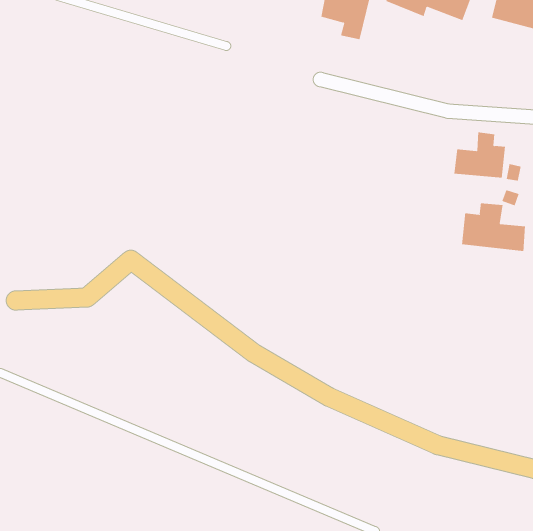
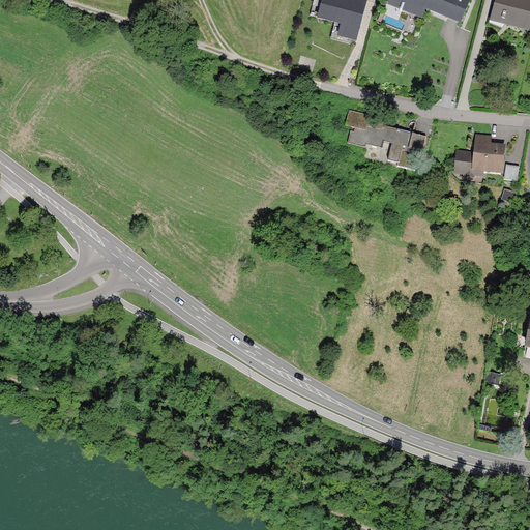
building: none -> [348,121,425,171]
building: [461,202,526,252] -> none

